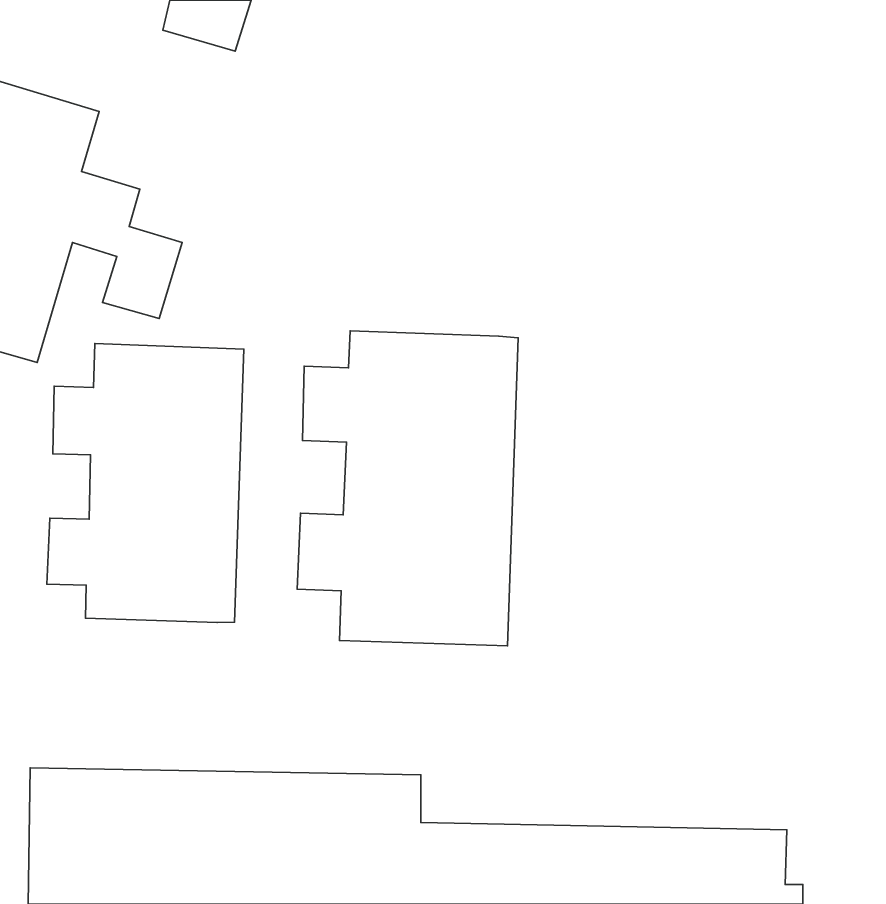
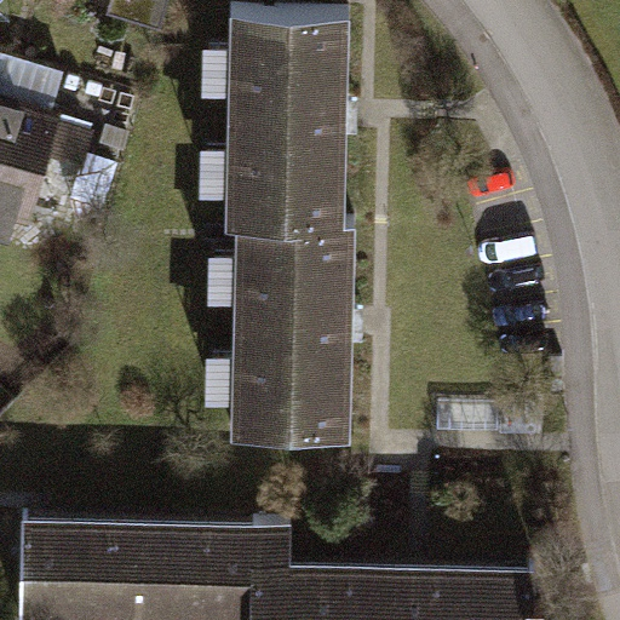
building: none -> [200,15,349,230]
building: [47,343,244,623] -> none

